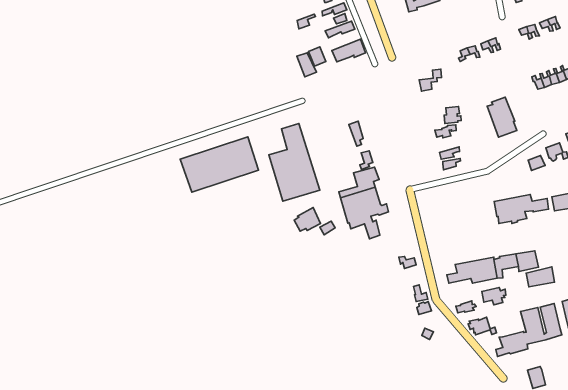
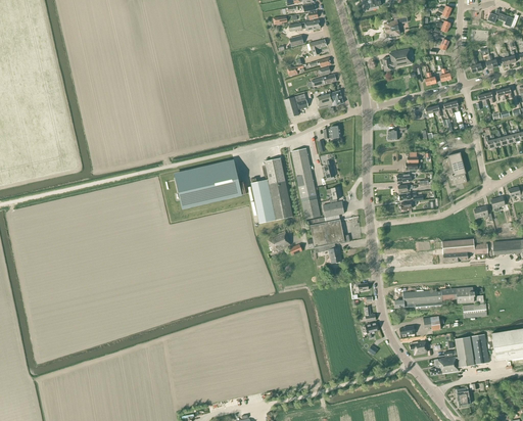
building: none -> [291,148,321,219]

